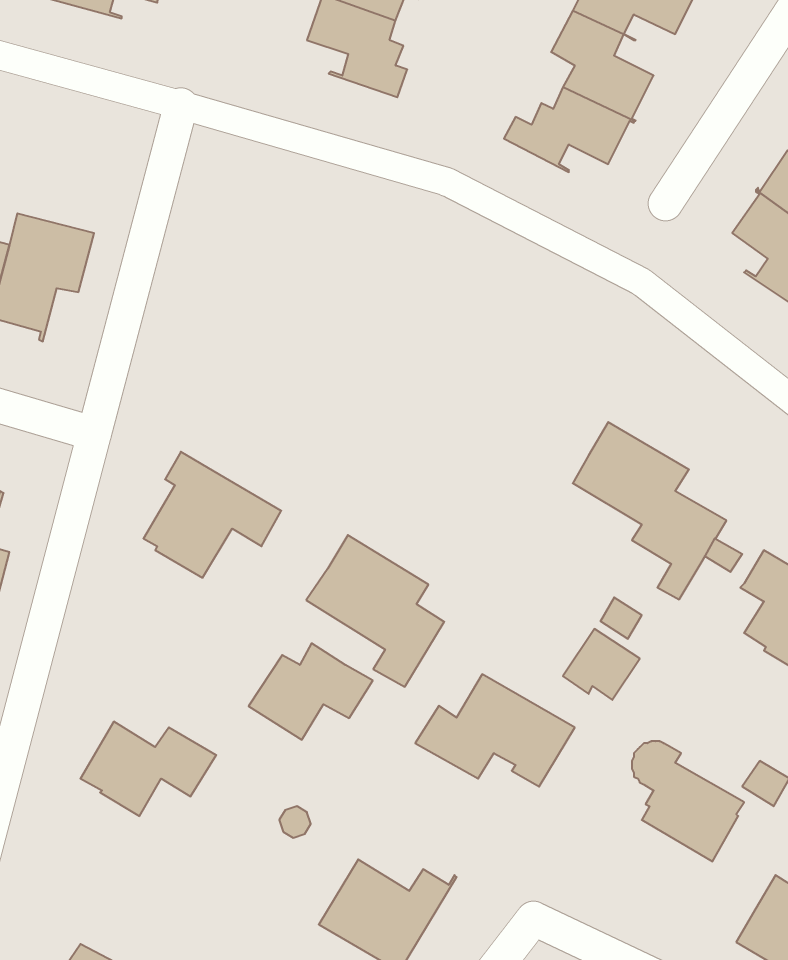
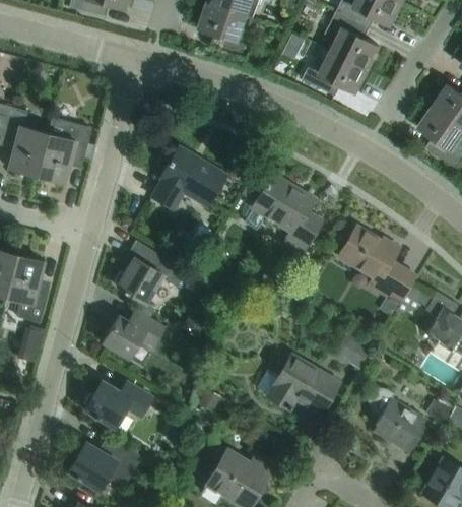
building: none -> [151,145,225,209]
building: [306,535,444,687] -> [250,175,321,253]
building: [249,643,373,740] -> [102,309,166,359]
building: none -> [67,440,143,491]

